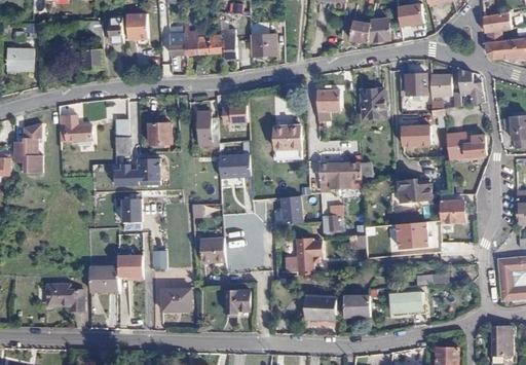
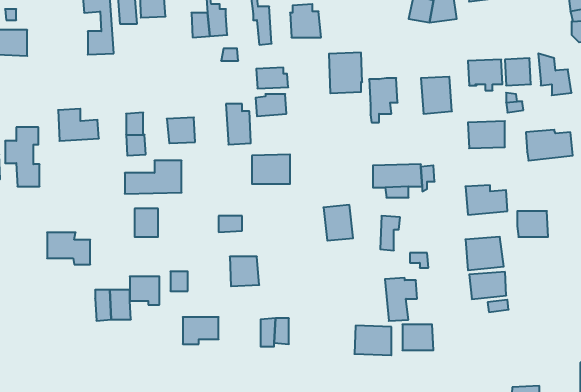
building: [197,36,224,53] -> [256,68,288,88]
building: [273,125,301,159] -> [329,53,362,93]
building: [295,239,322,275] -> [385,278,417,321]
building: [46,284,82,311] -> [47,232,90,264]
building: [389,291,420,314] -> [469,272,506,299]

